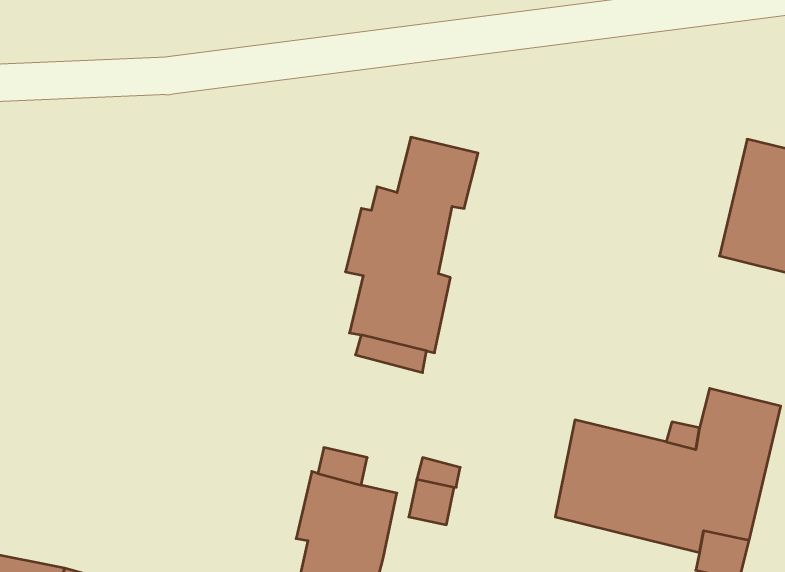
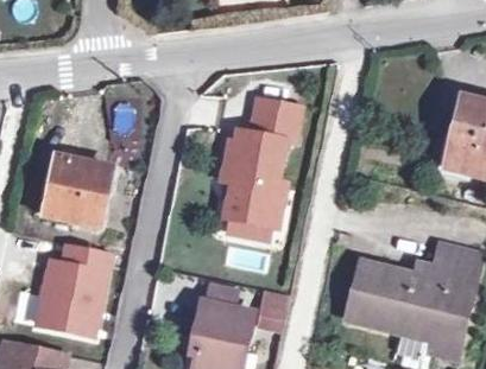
building: none -> [37,159,113,227]
building: none -> [33,241,113,341]

